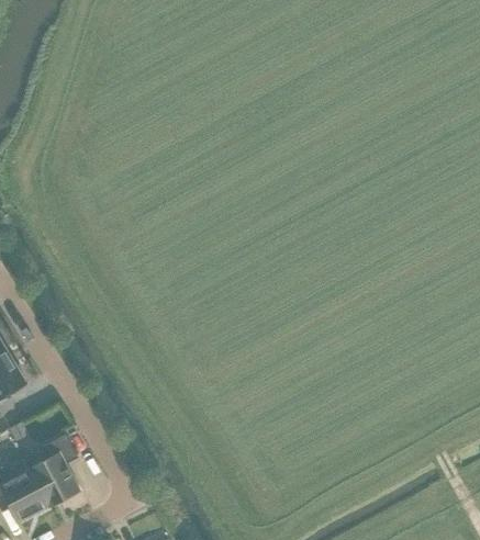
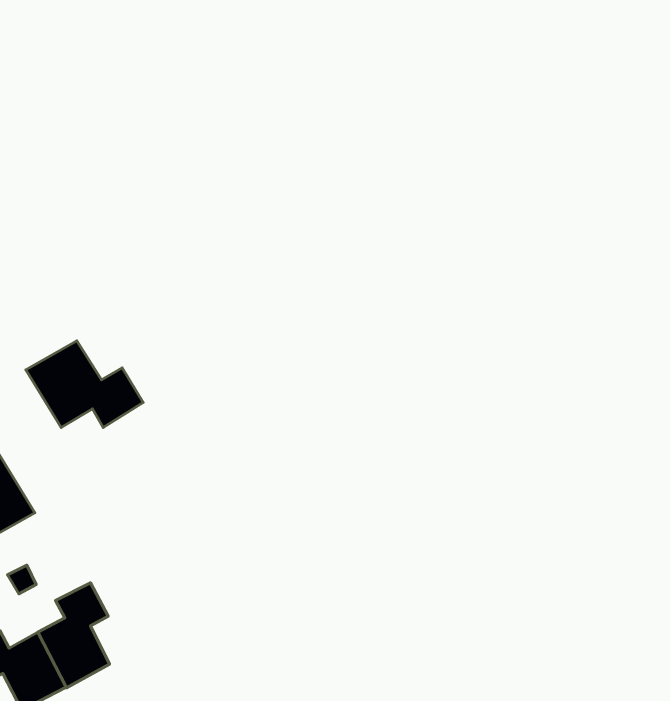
building: none -> [26,341,143,428]

